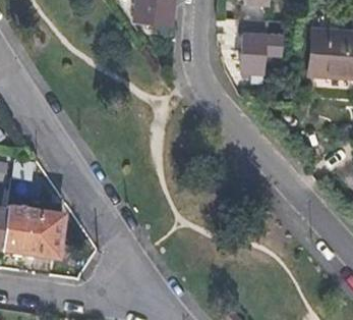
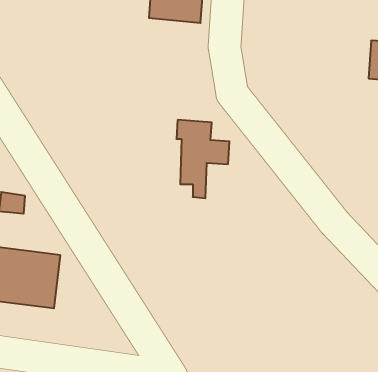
building: [239,19,282,83] -> [176,120,229,198]

